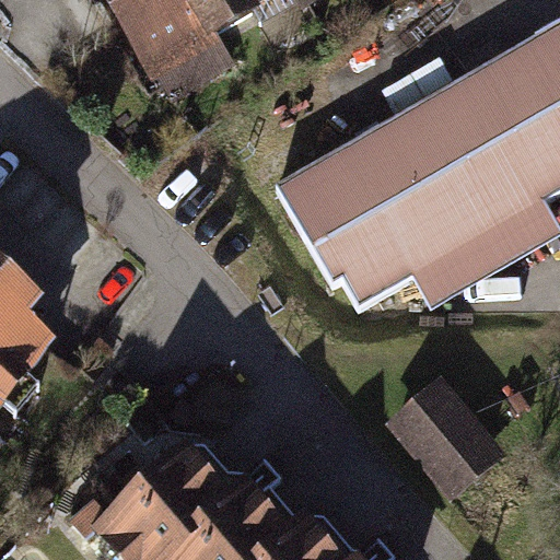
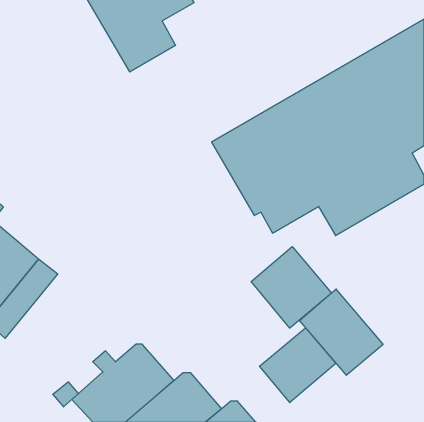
building: none -> [251,247,332,328]
building: none -> [260,328,336,403]

